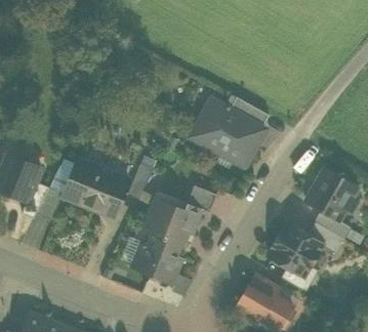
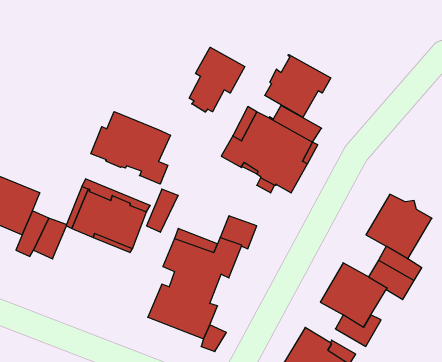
building: none -> [189,47,245,112]
building: none -> [265,55,331,118]
building: none -> [91,112,170,184]

